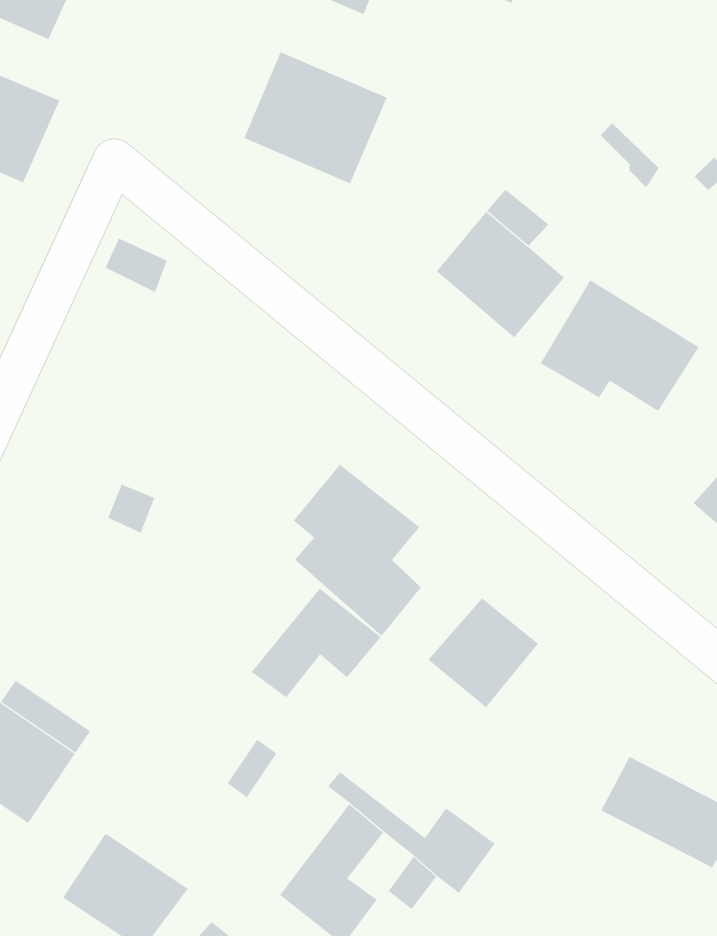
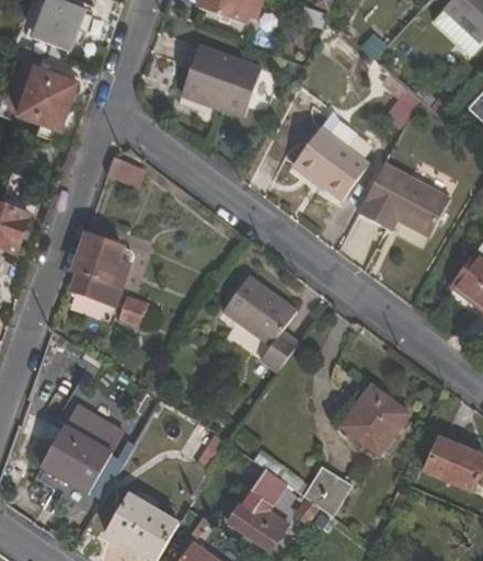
building: none -> [71,236,127,305]
building: [251,588,382,698] -> none
building: [427,597,539,708] -> [344,389,406,451]

